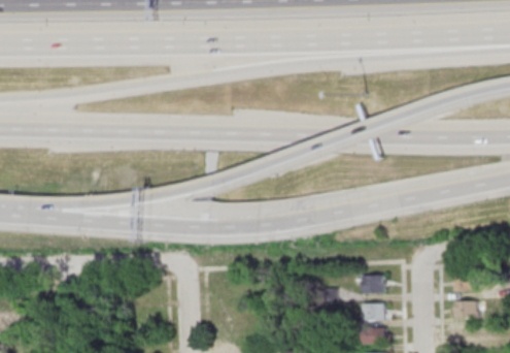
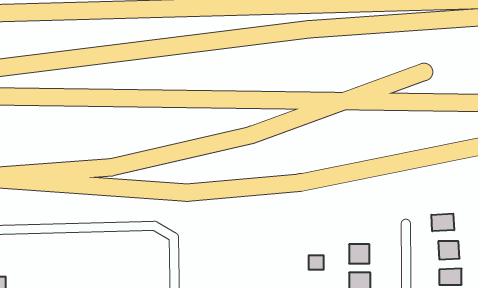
building: none -> [431,214,454,231]

